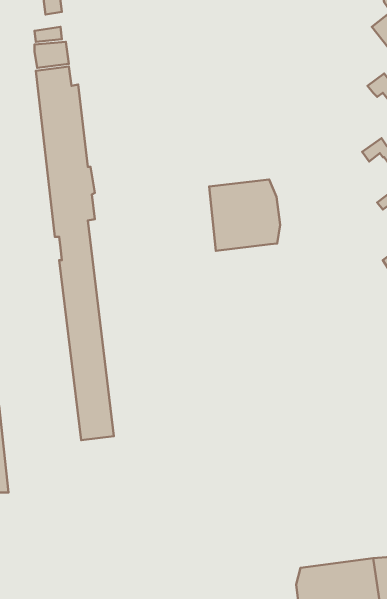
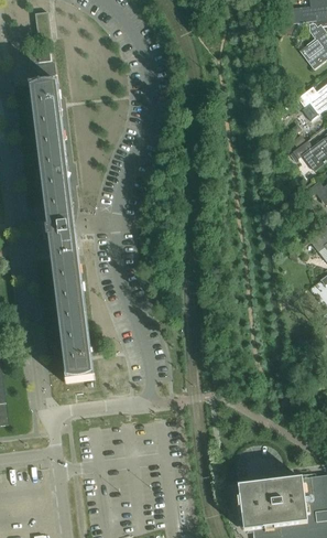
building: [209,179,280,251] -> none

